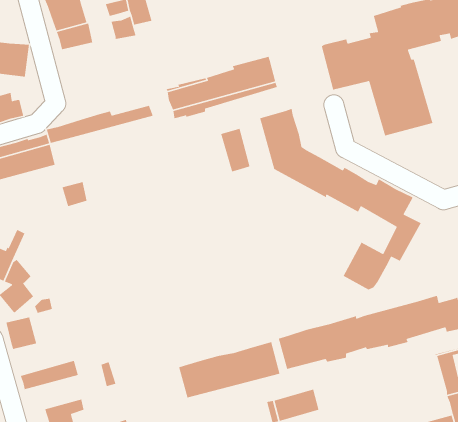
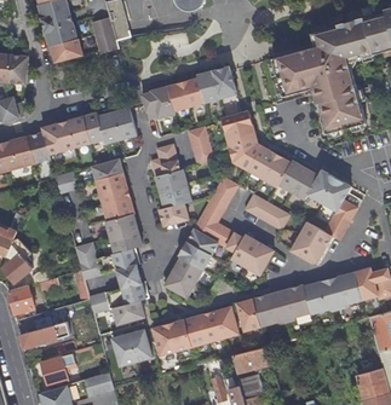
building: none -> [45,116,137,154]
building: none -> [151,144,191,225]
building: none -> [75,158,145,323]
building: none -> [165,175,275,296]
building: none -> [245,193,291,228]
building: none -> [111,328,151,364]

